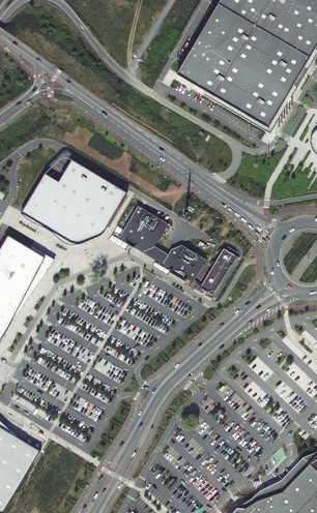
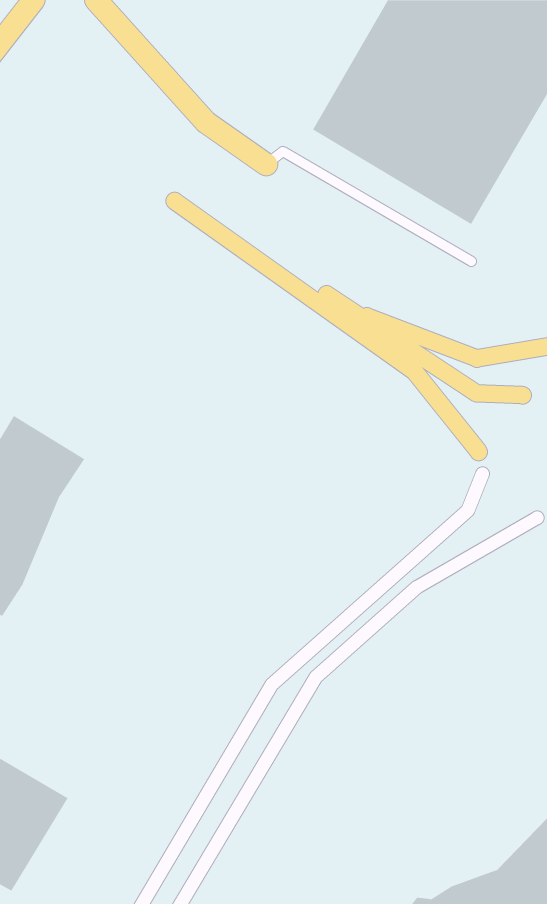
building: [21,159,126,242] -> none
building: [118,206,206,282] -> none
building: [200,246,235,294] -> none

